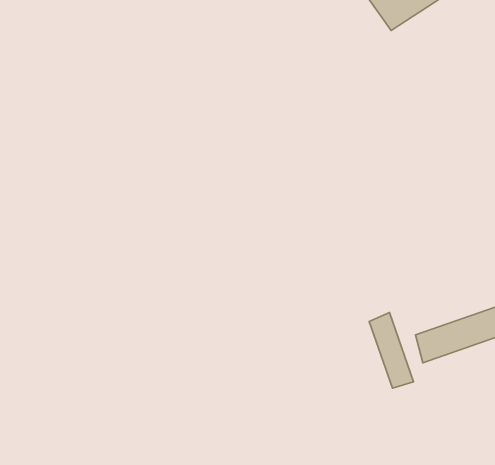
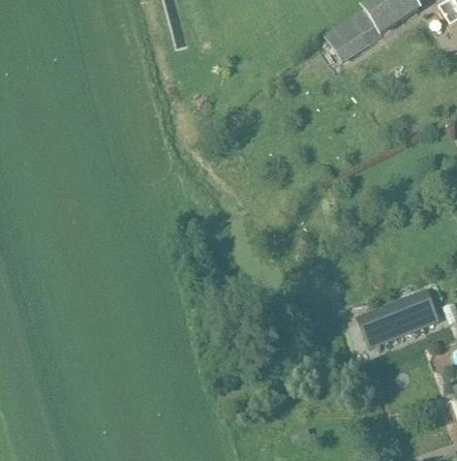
building: [369,313,413,388] -> none

